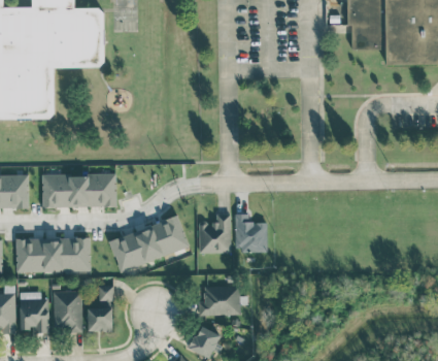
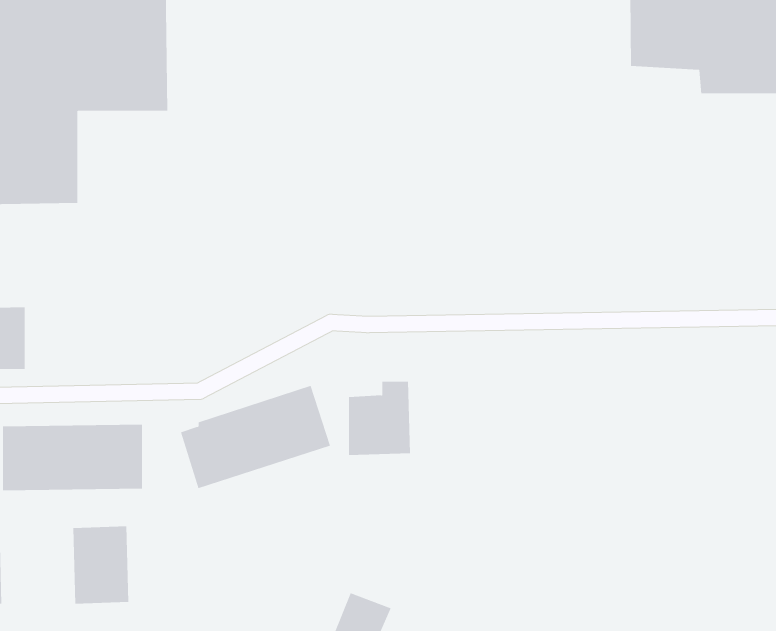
building: [41,173,116,208] -> none
building: [234,214,267,252] -> none
building: [88,286,112,332] -> none
building: [199,286,240,316] -> none
building: [20,293,48,333] -> none

